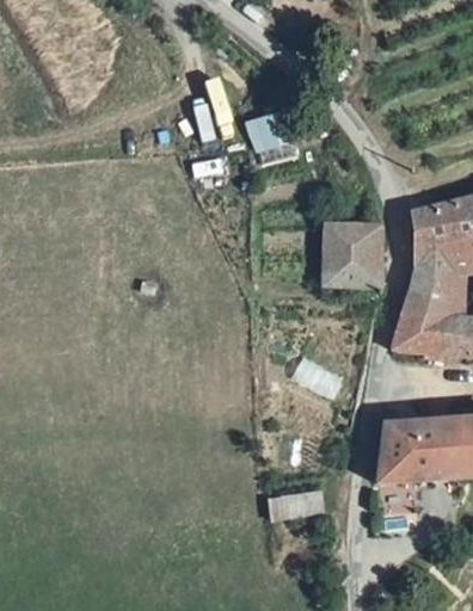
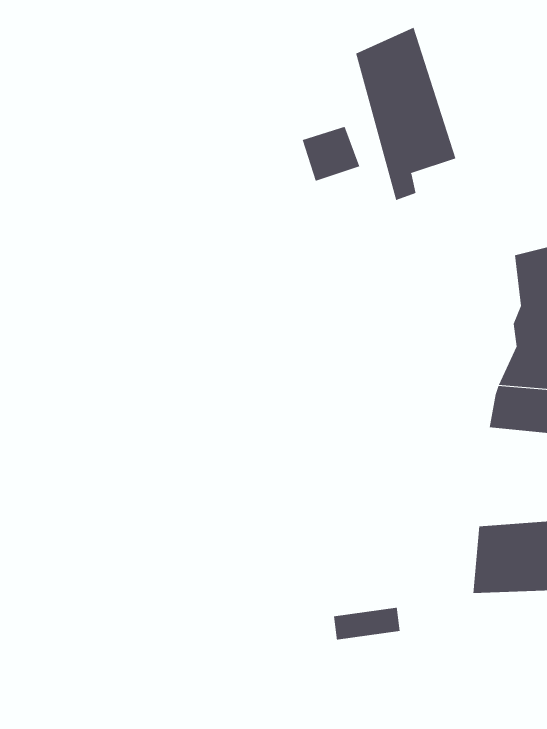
building: none -> [355,27,456,201]
building: [318,223,383,284] -> none

